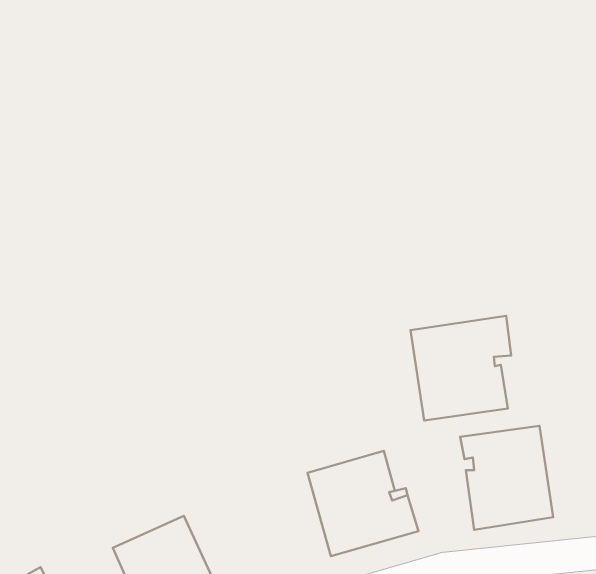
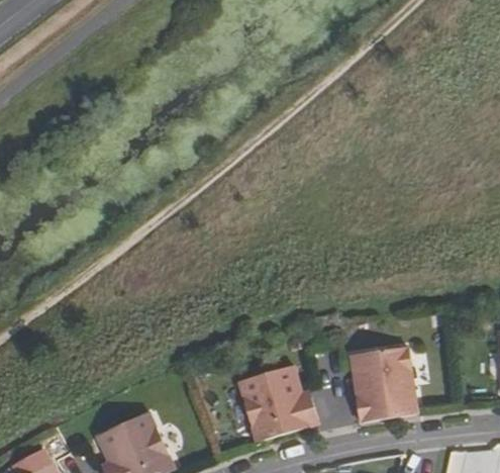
building: [411,316,511,421] -> none

